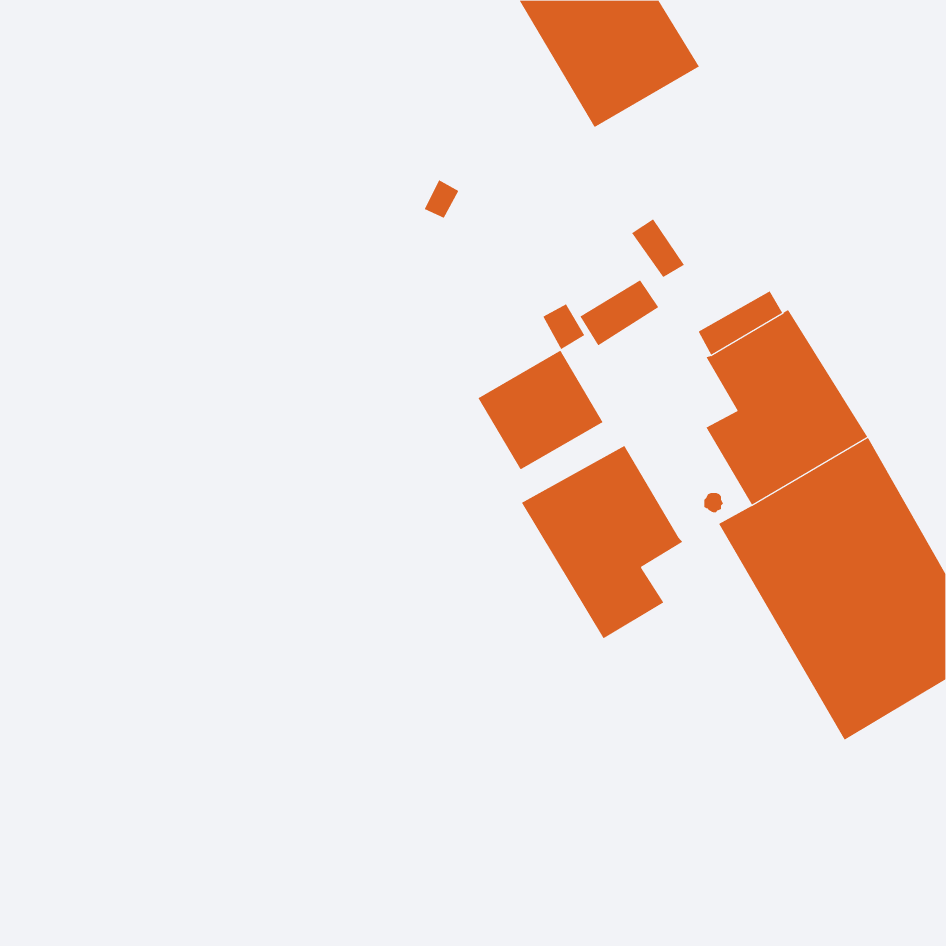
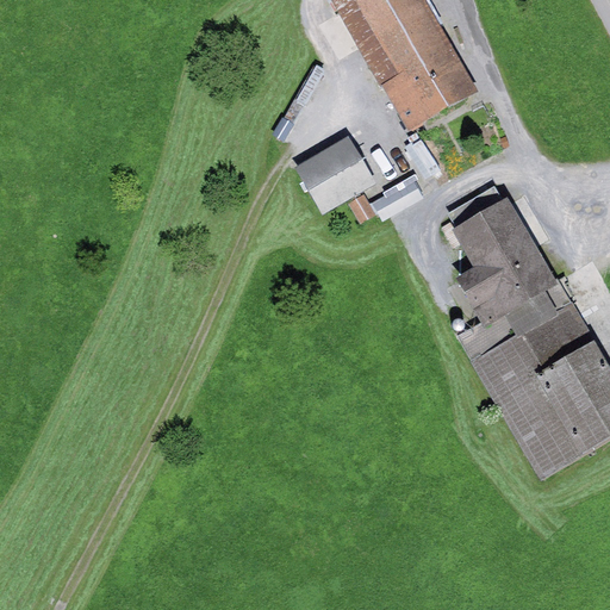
building: none -> [382,43,478,130]
building: [478,350,604,470] -> [295,136,376,213]
building: [521,445,683,639] -> none

